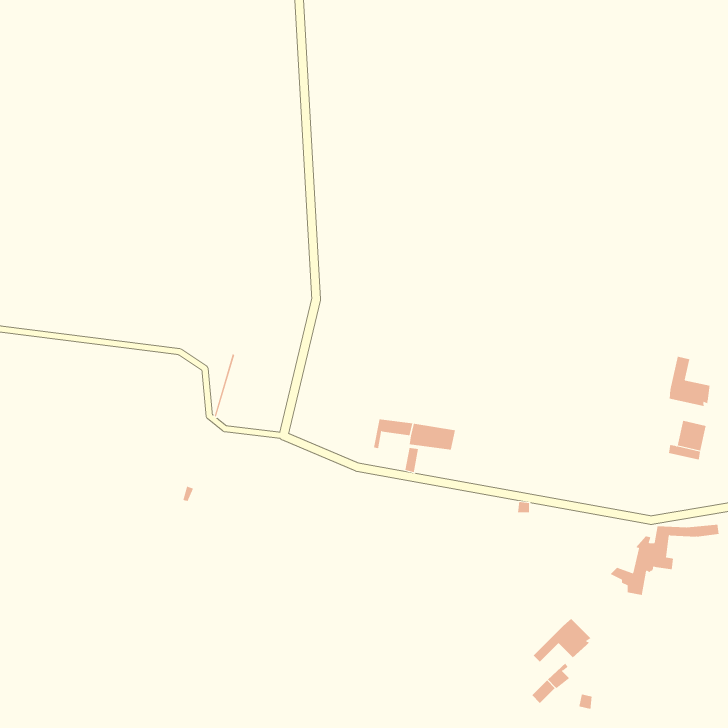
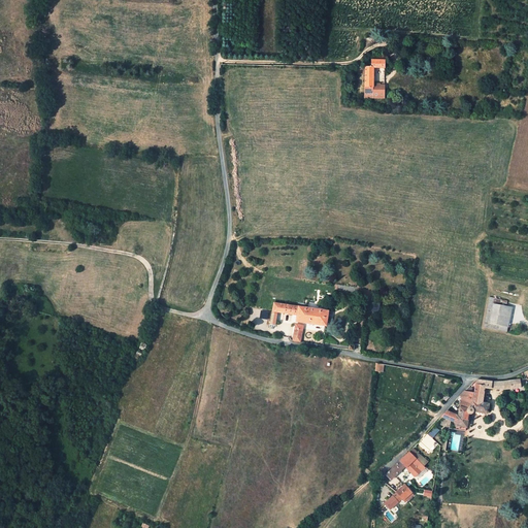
building: none -> [365,60,385,98]
building: [669,356,710,407] -> none

